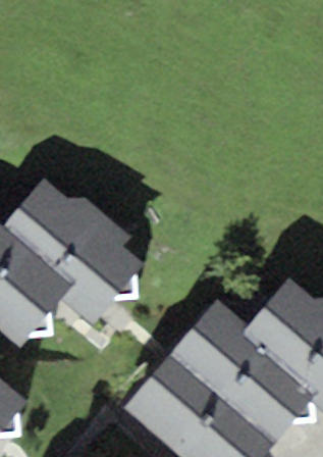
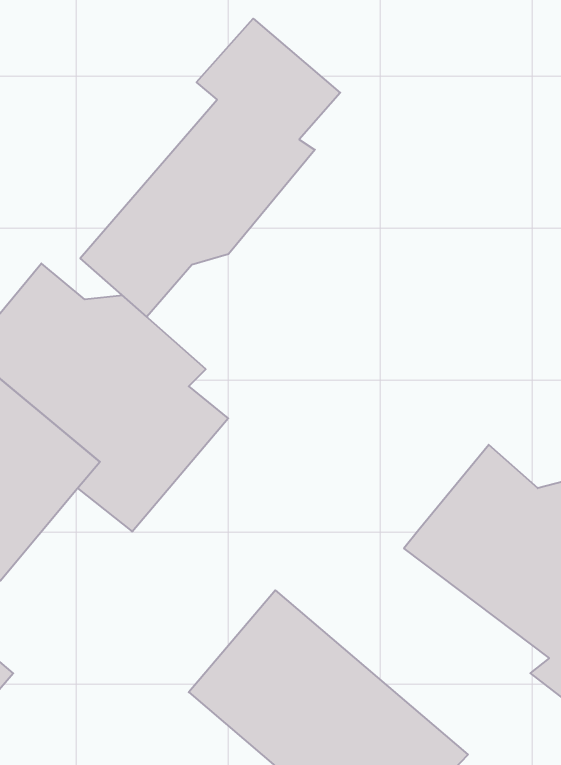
building: none -> [80,19,340,317]
building: [168,300,316,445] -> none

